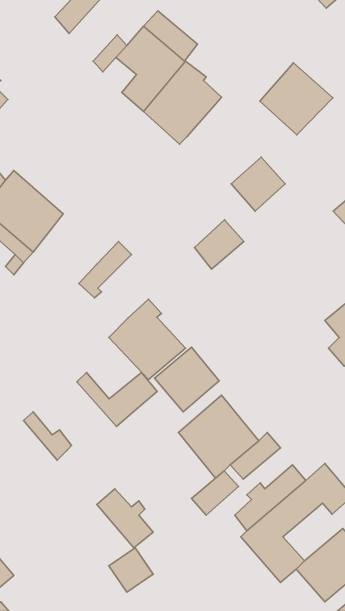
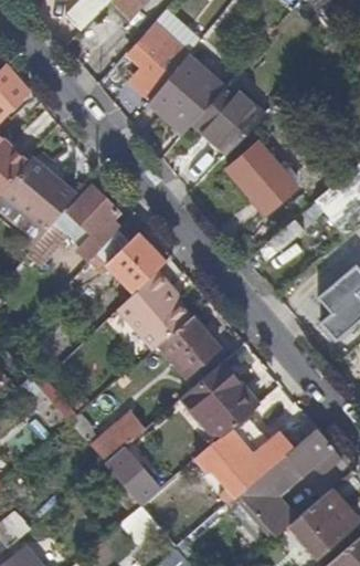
building: [260,63,333,135] -> [189,91,256,157]
building: none -> [70,188,126,243]
building: [195,220,244,269] -> [252,169,297,214]
building: none -> [107,234,166,293]
building: [77,372,157,426] -> [70,415,144,464]

